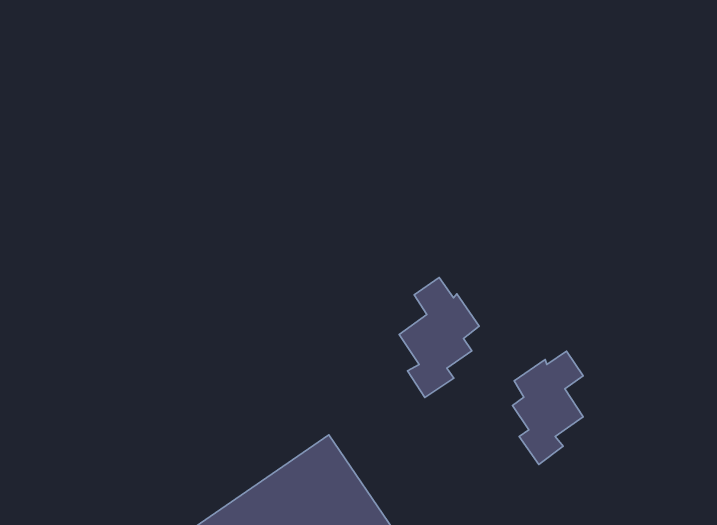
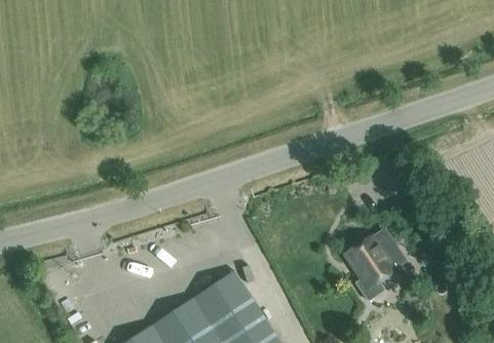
building: [399,278,479,398] -> none

